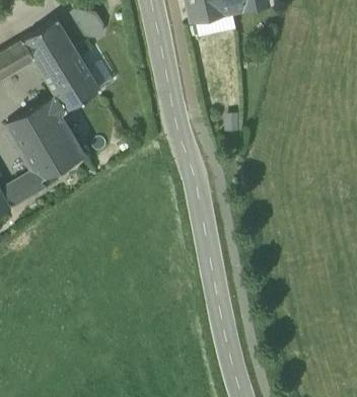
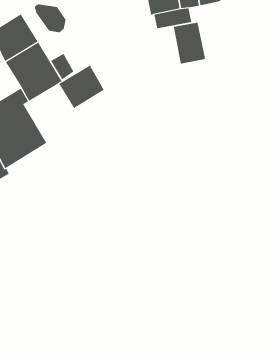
building: none -> [173,22,206,65]
building: none -> [58,65,105,109]

